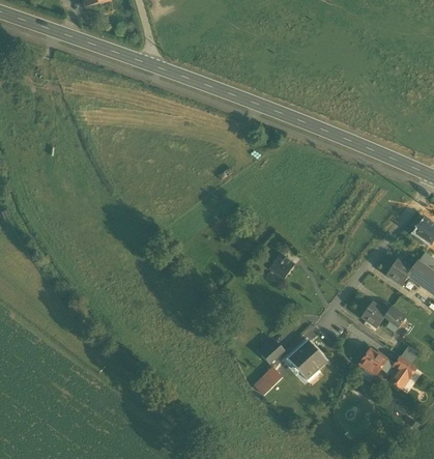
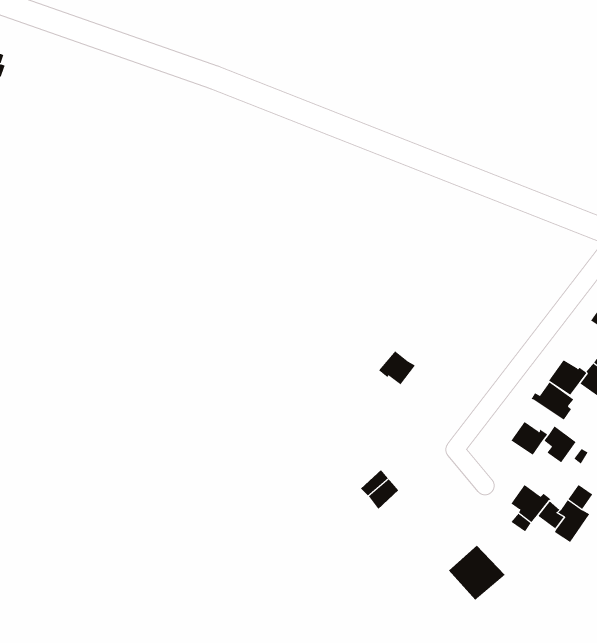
building: none -> [531,382,574,420]
building: [288,341,327,379] -> [448,545,505,600]
building: [254,366,283,395] -> none

